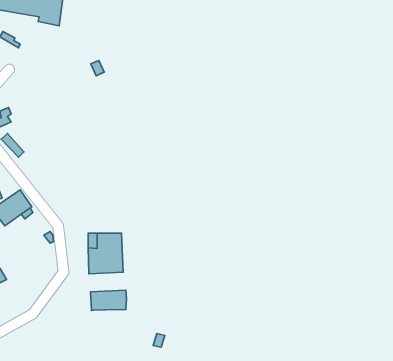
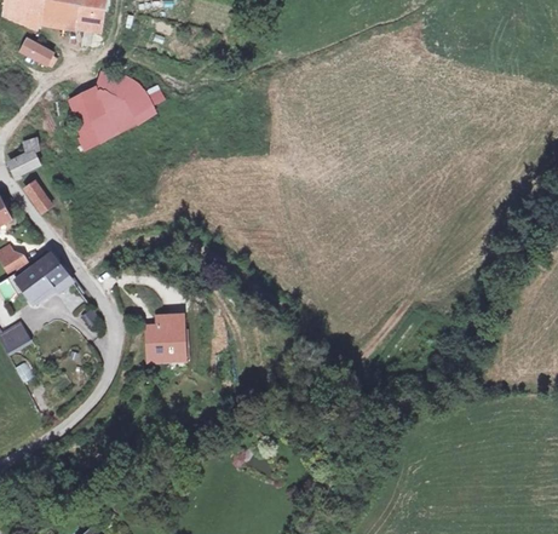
building: none -> [76,76,151,139]
building: [91,290,126,311] -> none

